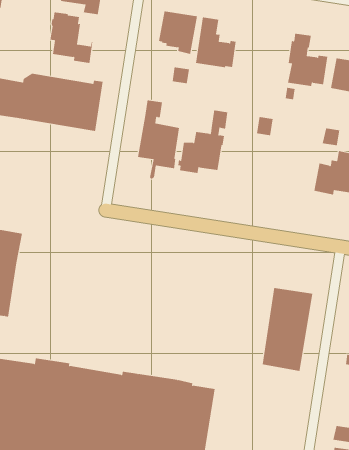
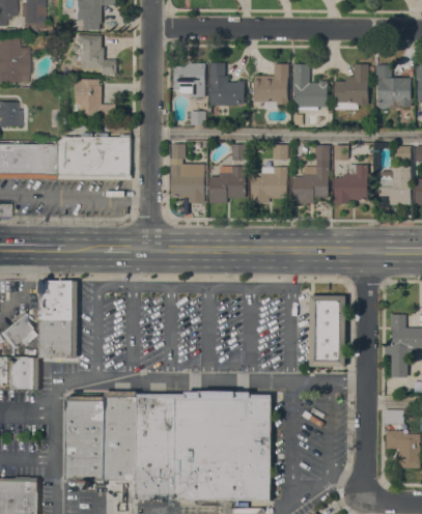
building: none -> [254,63,288,104]
building: none -> [292,145,330,203]
building: none -> [251,166,287,203]

